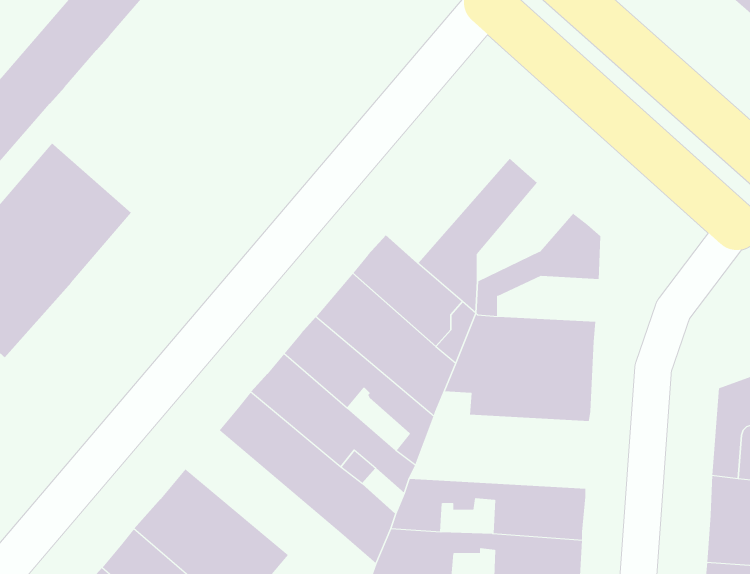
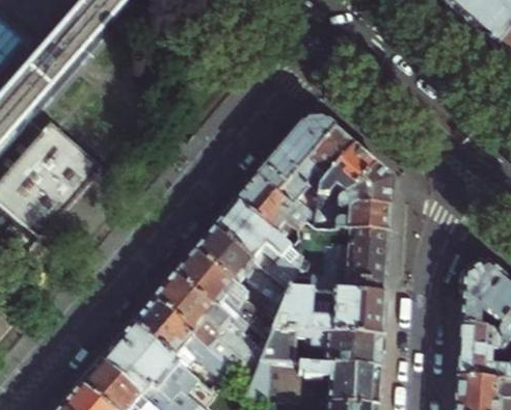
building: none -> [258,122,334,194]
building: none -> [315,144,374,206]
building: none -> [327,202,391,230]
building: none -> [272,286,384,334]
building: none -> [133,298,230,374]

